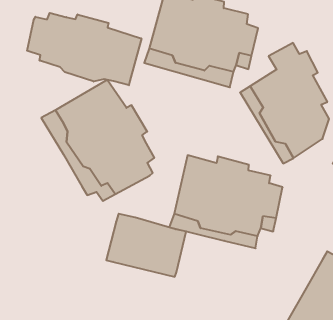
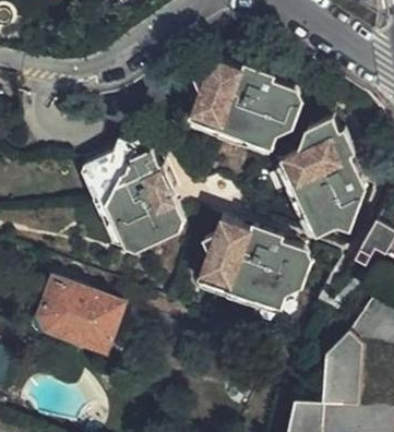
building: [27,13,141,85] -> none
building: [106,214,186,277] -> [39,278,123,348]

